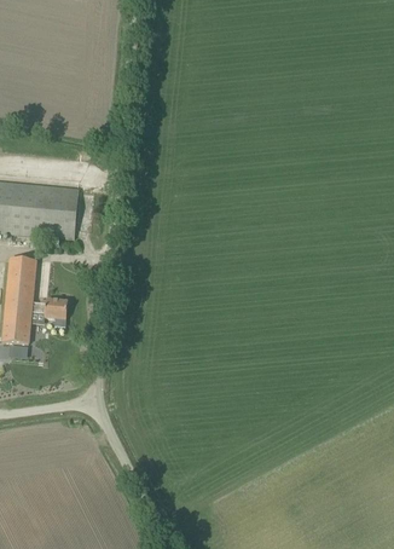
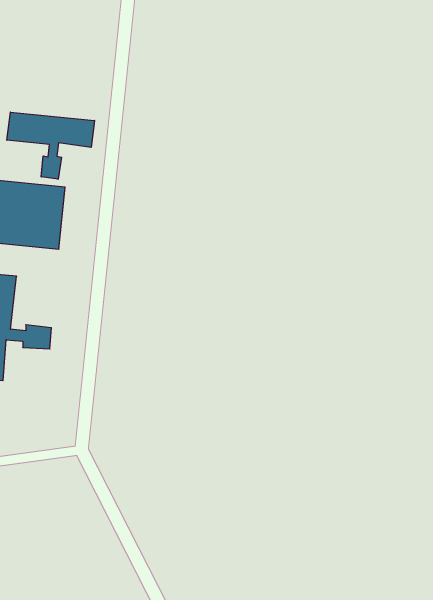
building: none -> [7,112,94,179]

